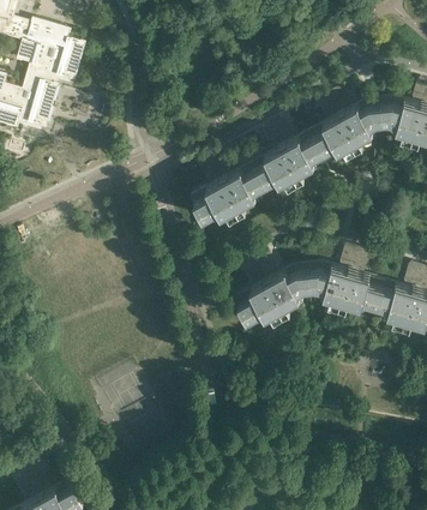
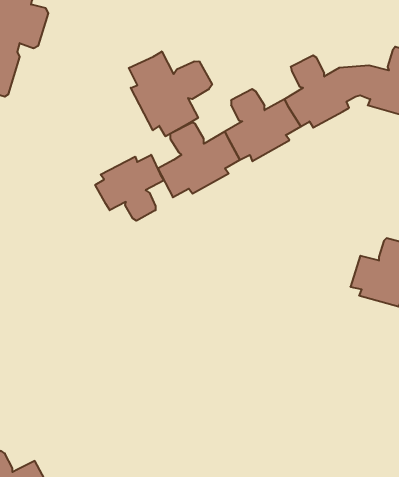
building: none -> [129,51,212,136]
building: none -> [95,155,164,221]
building: [233,248,384,329] -> none

